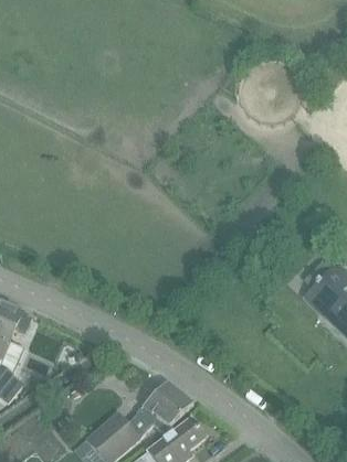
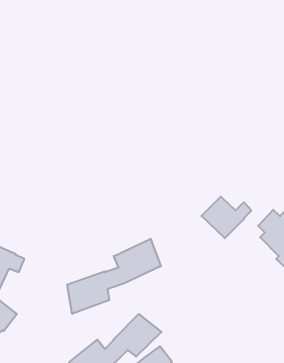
building: none -> [201,197,251,238]
building: none -> [67,239,161,314]

